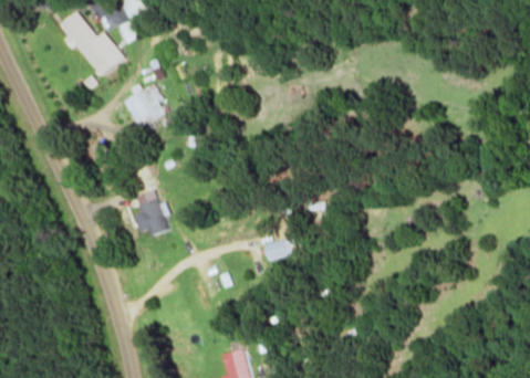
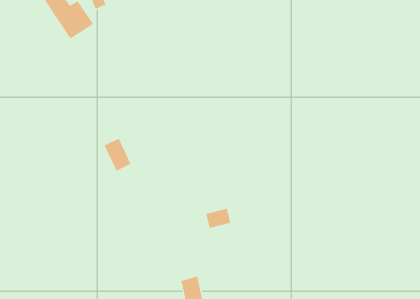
building: [125,85,167,127] -> none
building: [261,238,291,262] -> [205,208,231,229]

